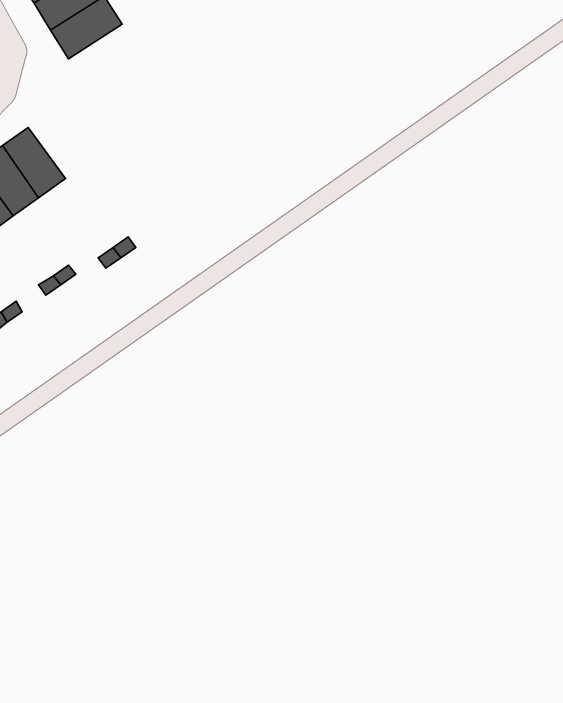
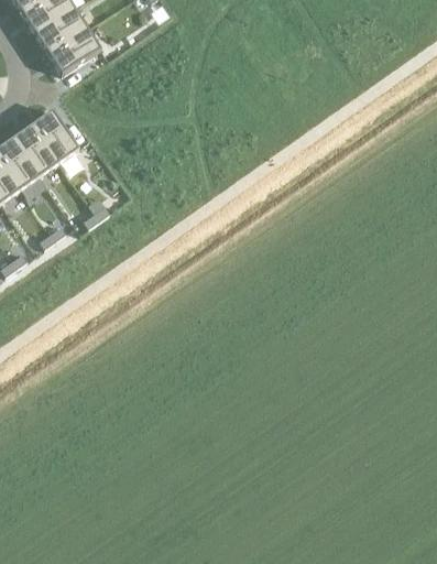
building: none -> [31,110,78,162]

